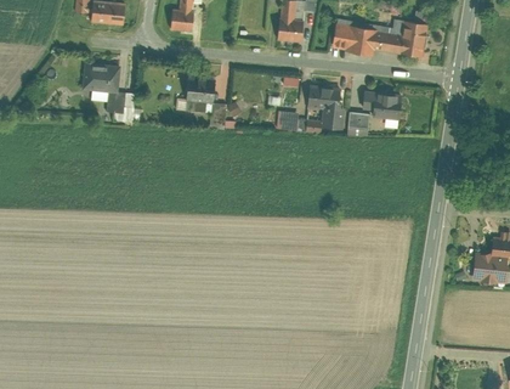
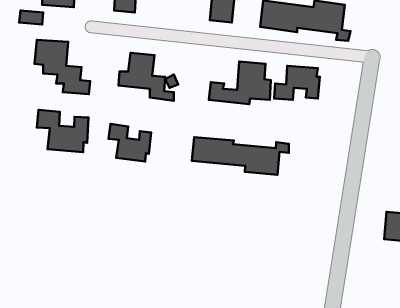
building: none -> [37,110,88,152]
building: none -> [109,124,151,162]
building: none -> [192,137,289,175]

